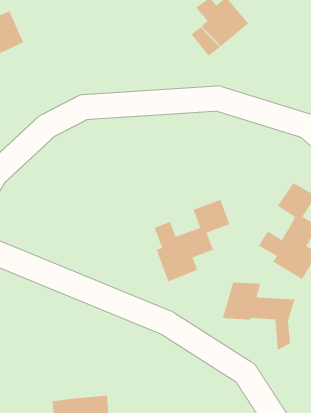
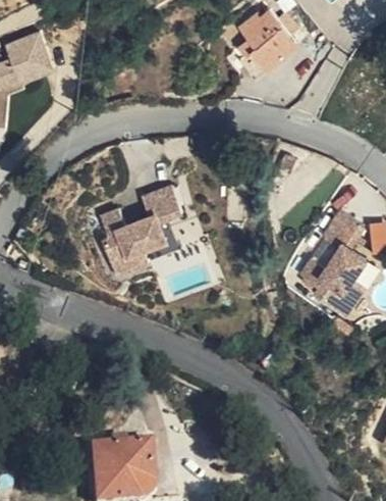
building: [153,199,230,282] -> [108,185,190,274]
building: [222,282,295,351] -> none

